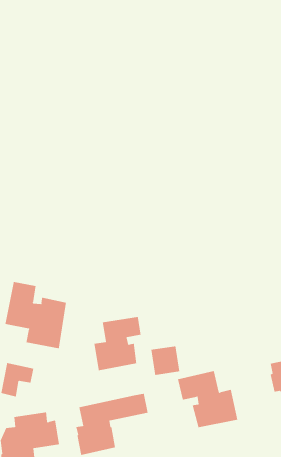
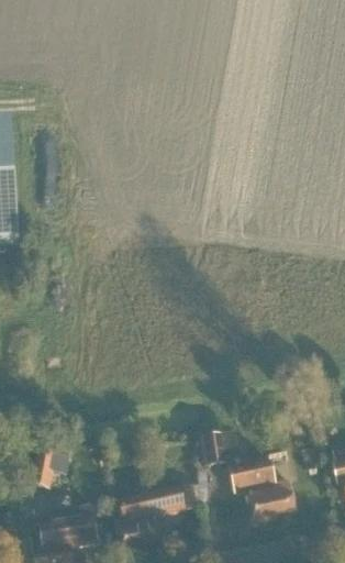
building: [5,281,67,349] -> none
building: [94,316,141,371] -> none

